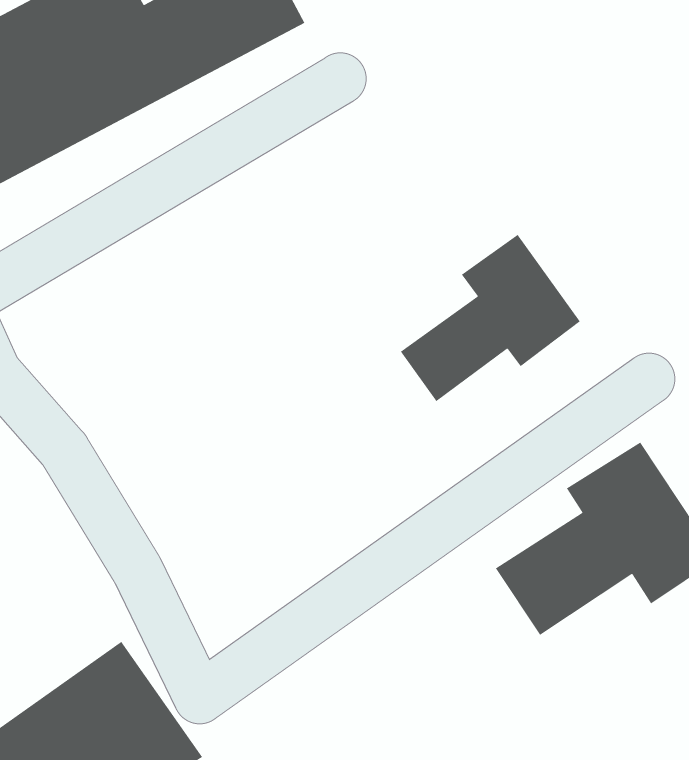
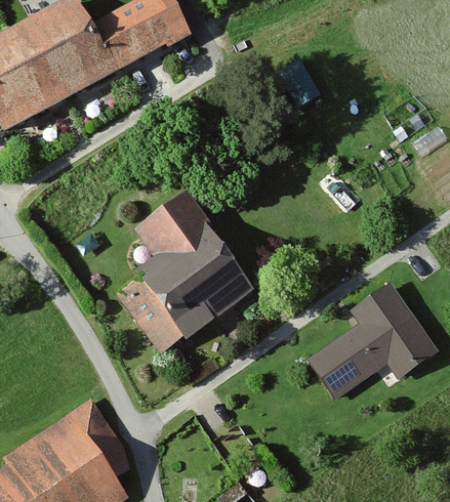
building: [400,234,581,402] -> none
building: none -> [114,193,255,353]

